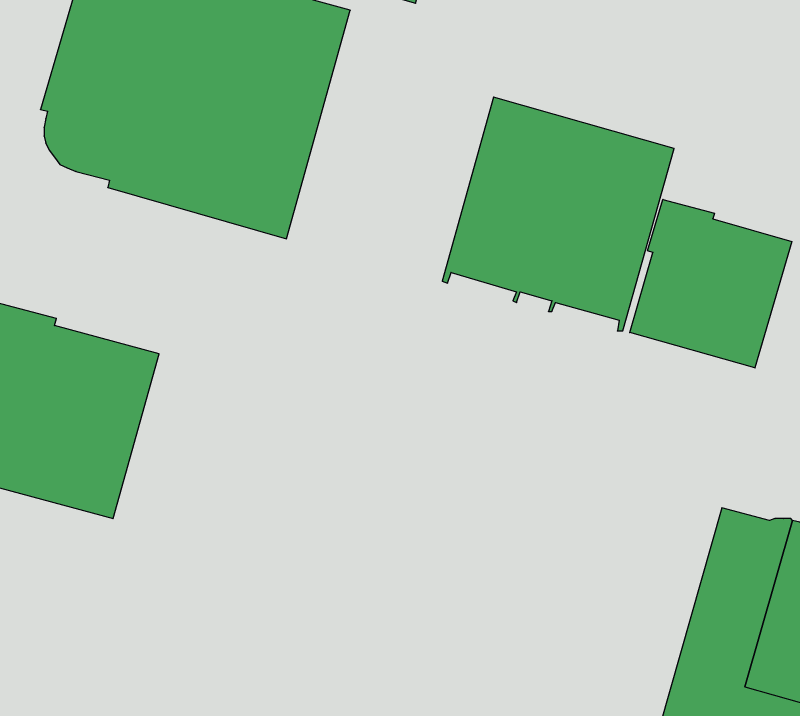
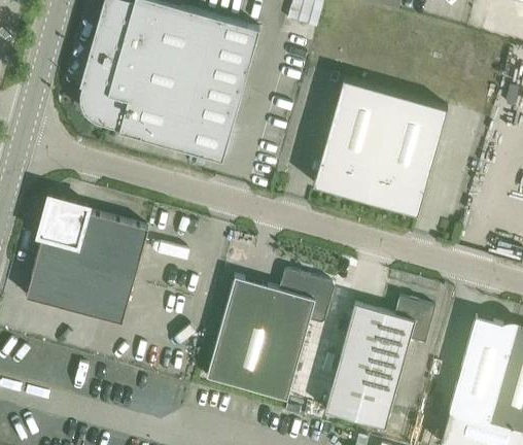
building: [630,199,792,368] -> none
building: none -> [206,272,334,402]
building: none -> [325,299,435,430]

